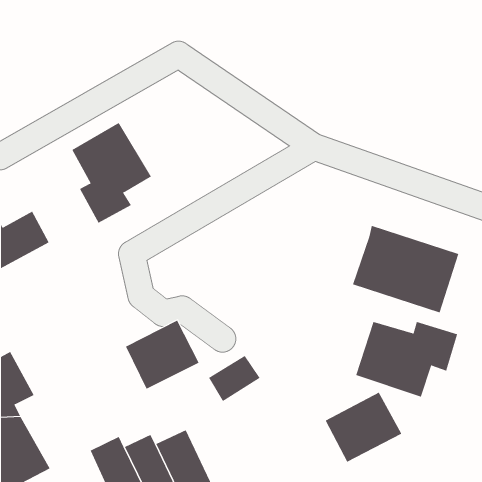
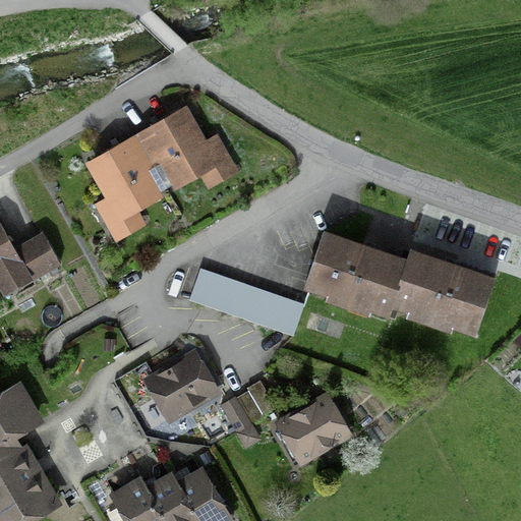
building: none -> [133,108,243,194]
building: none -> [300,232,399,315]
building: none -> [193,275,310,330]
building: [355,321,458,398] -> none
building: [325,392,402,463] -> [269,393,351,468]

